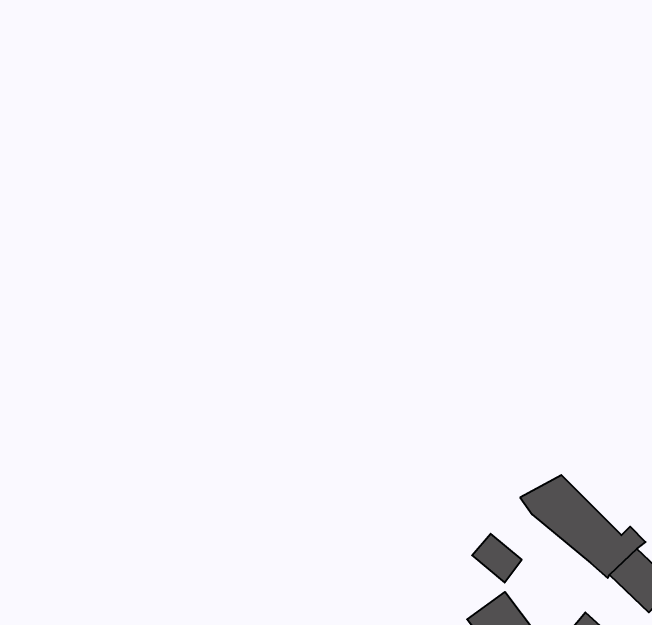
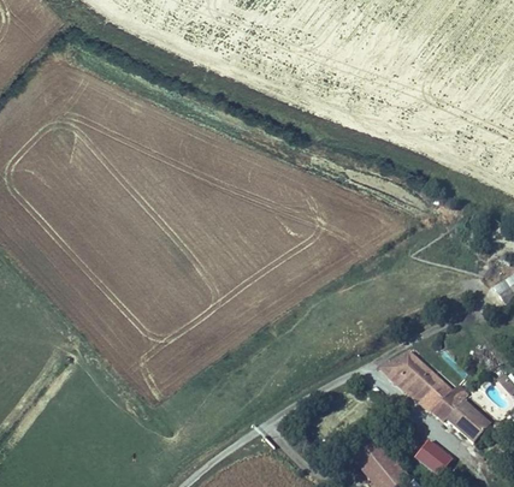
building: [472,534,522,583] -> none

